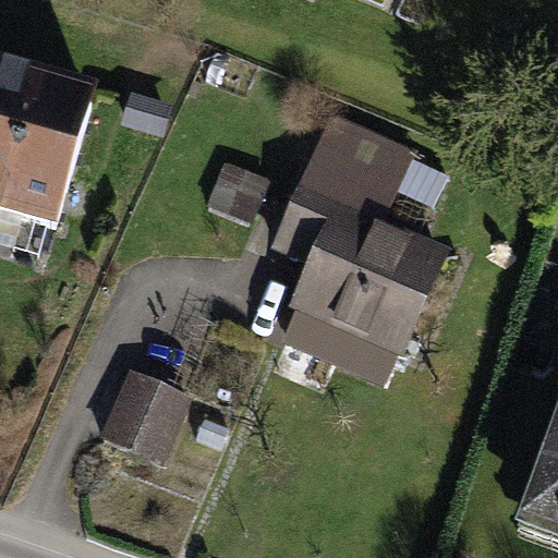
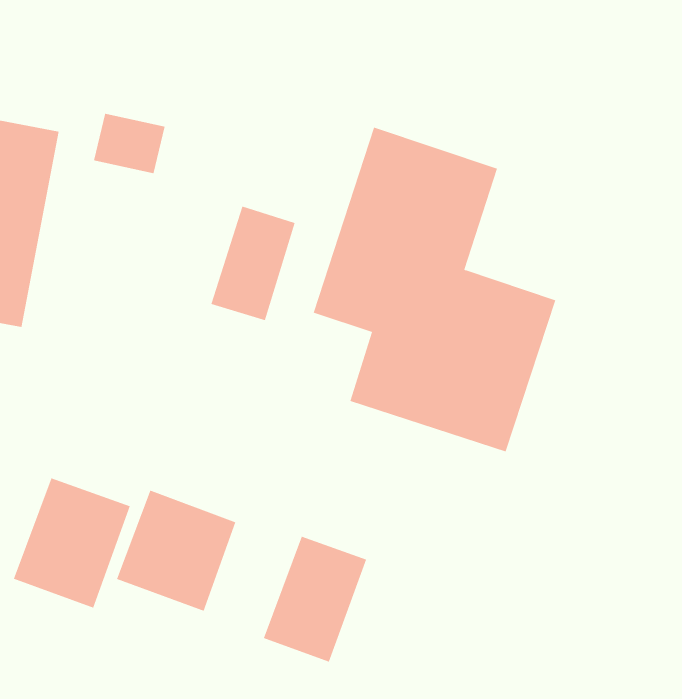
building: none -> [13,478,131,609]
building: none -> [263,536,367,663]

